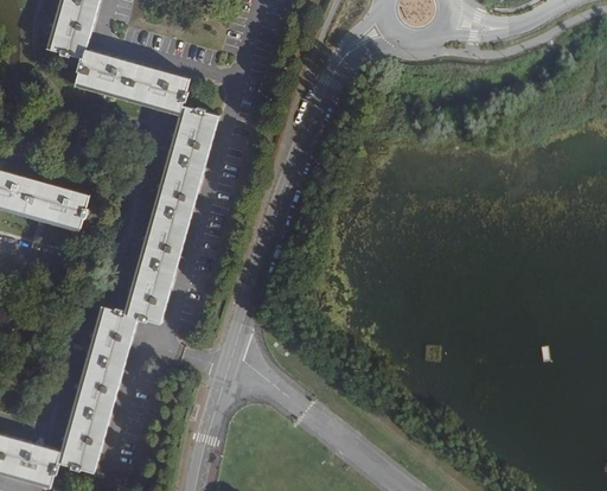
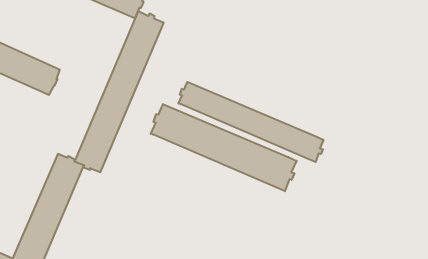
building: none -> [178,82,324,162]
building: none -> [151,104,297,191]

